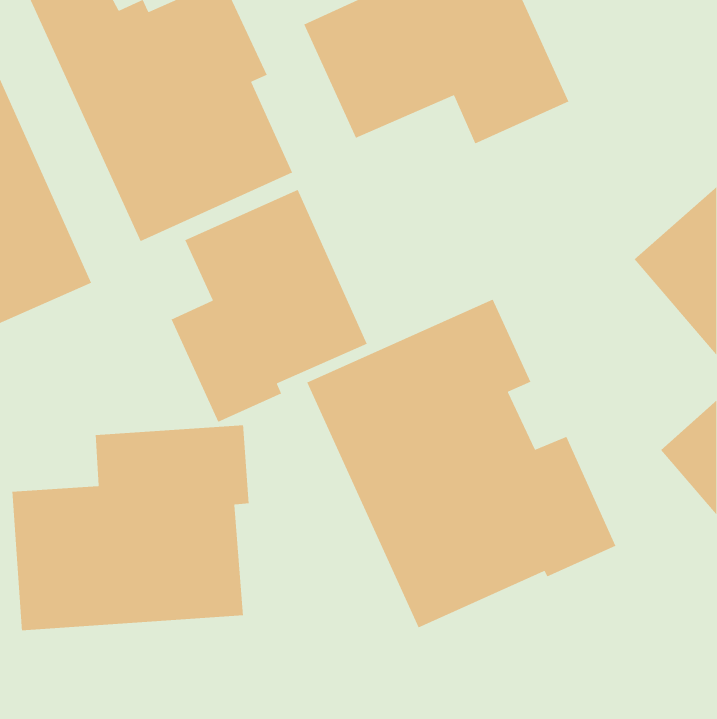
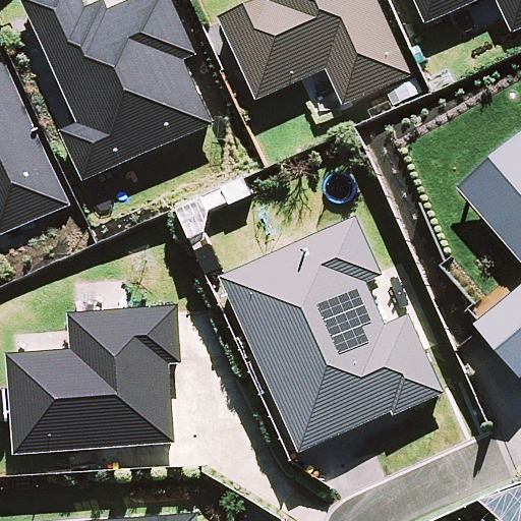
building: [171,189,368,423] -> none

